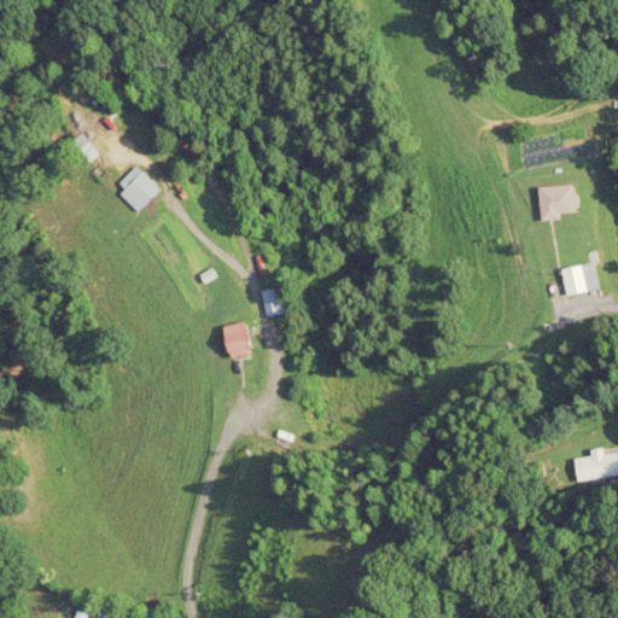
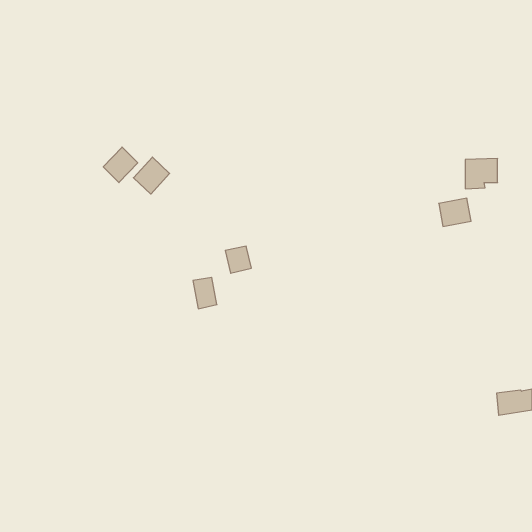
building: none -> [133,157,170,194]
building: [561,263,599,296] -> [439,198,471,226]

